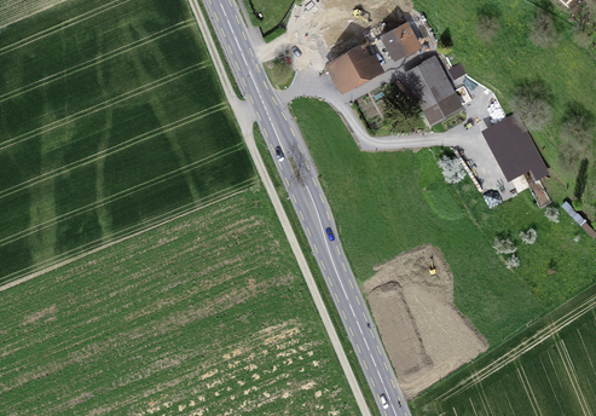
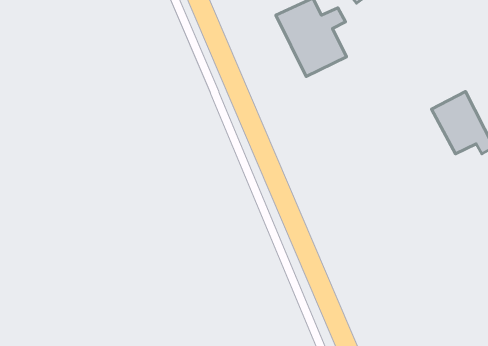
building: [382,23,421,60] -> none
building: [405,58,462,123] -> none

